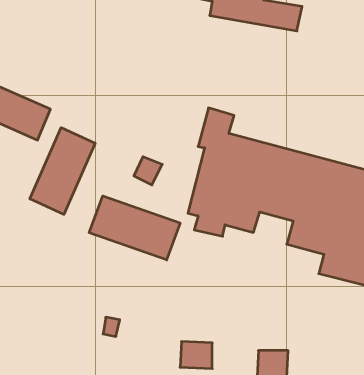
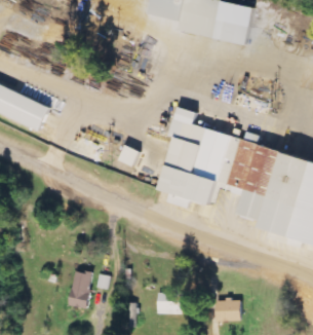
building: [30,128,95,214] -> none
building: [89,196,180,260] -> none
building: none -> [65,270,90,308]

